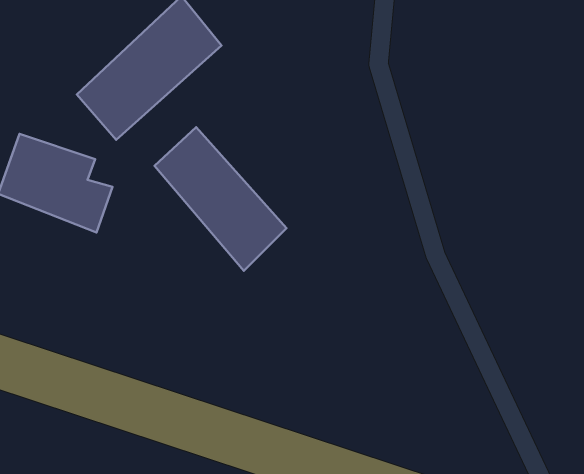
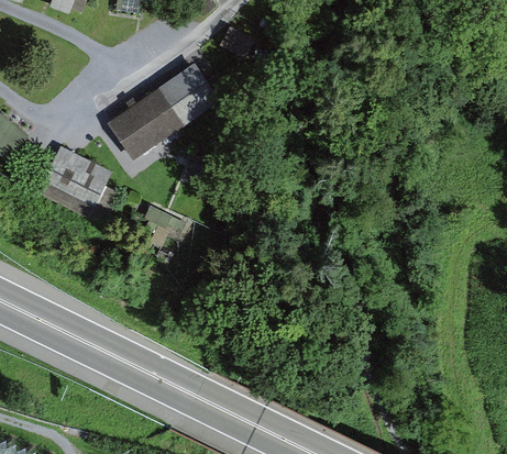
building: [154,127,286,271] -> none

